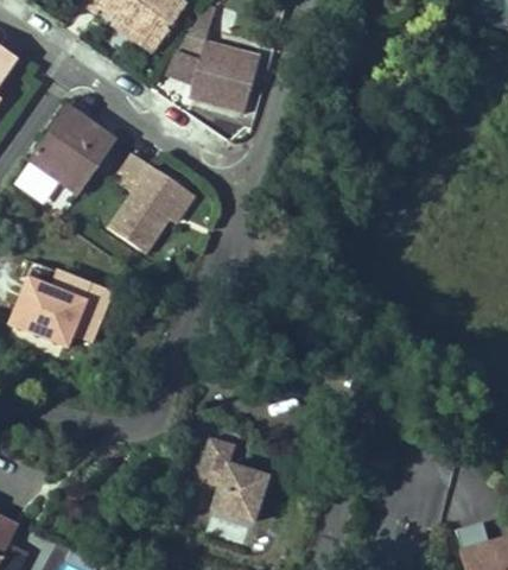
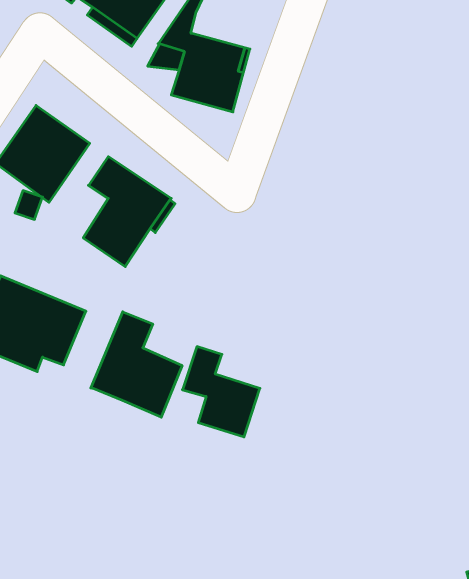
building: none -> [91,312,182,417]
building: [197,438,267,520] -> [182,347,260,437]

